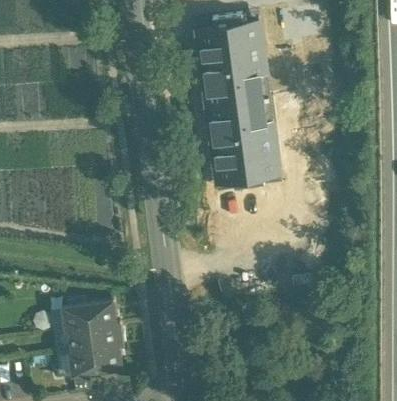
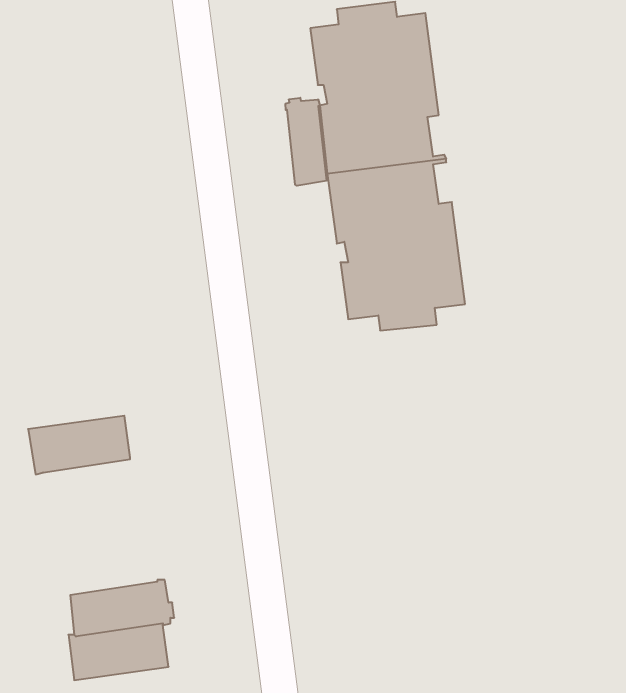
building: none -> [286,98,326,186]
building: [62,300,116,331] -> [28,416,130,474]

